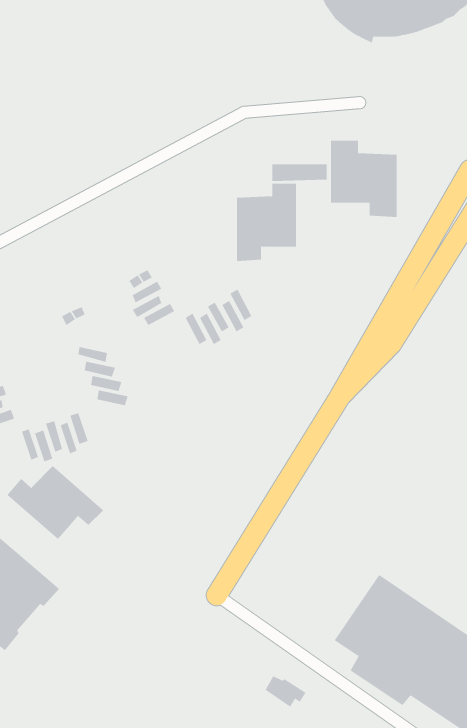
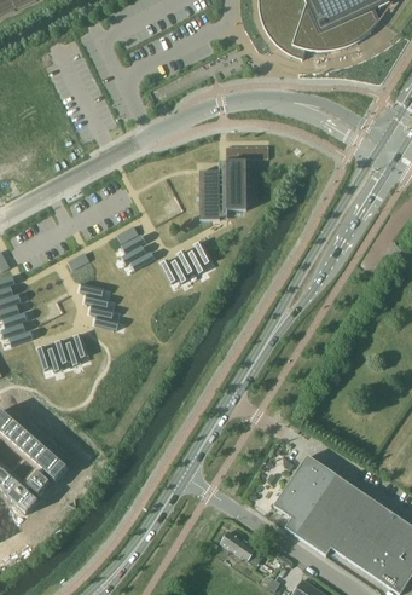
building: [331,140,397,218] -> none
building: [6,465,104,540] -> none

